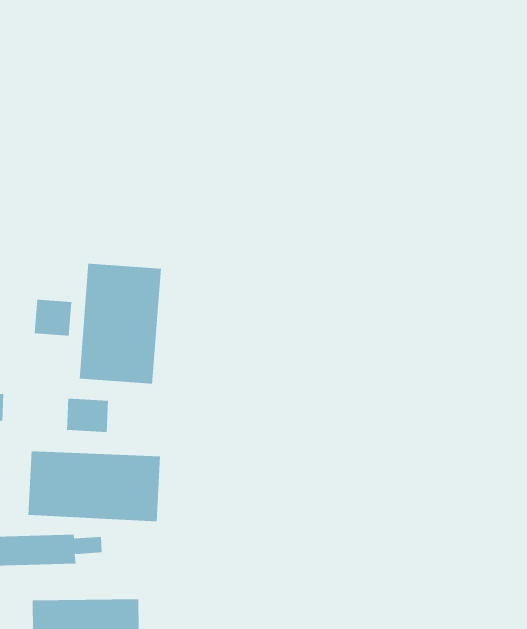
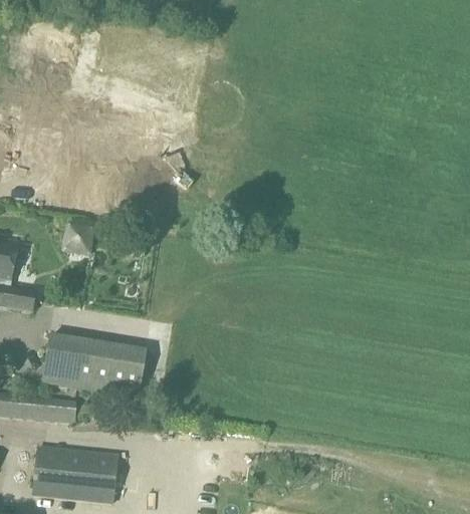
building: [79,263,161,384] -> none
building: [67,398,109,433] -> none

